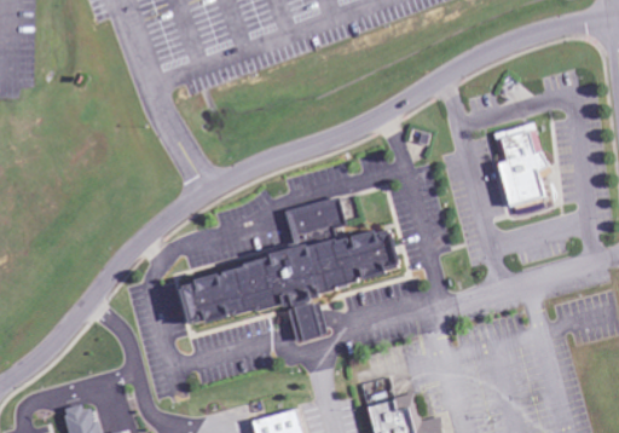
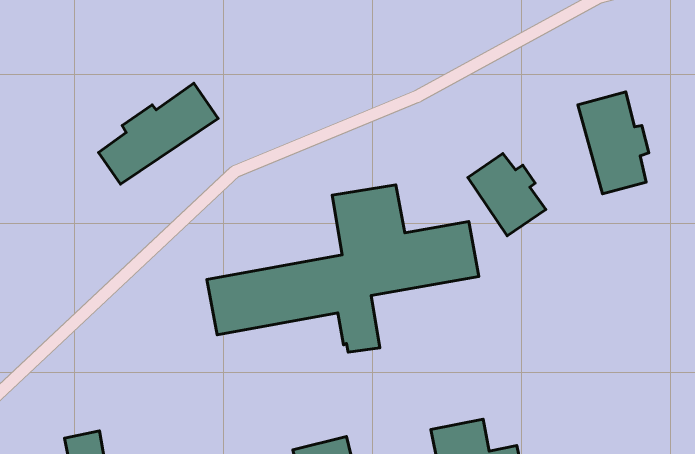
building: none -> [98,83,218,184]
building: none -> [468,154,546,236]

